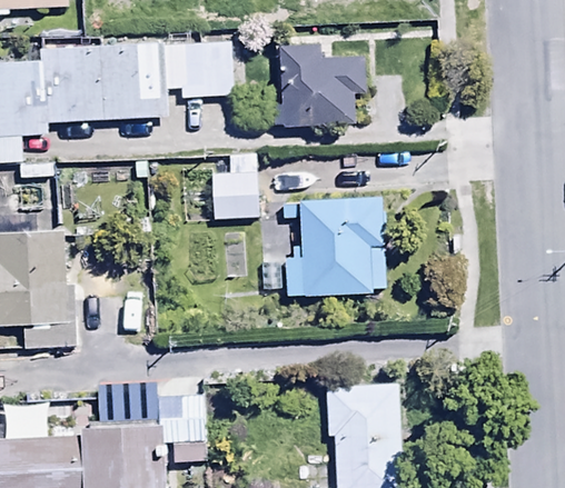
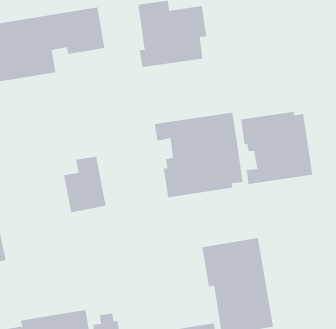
building: [209,153,259,221] -> [63,156,107,213]
building: none -> [240,111,313,185]

